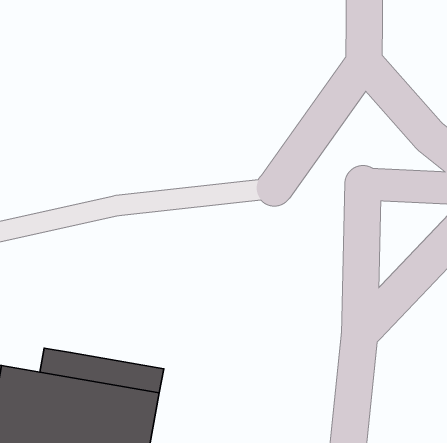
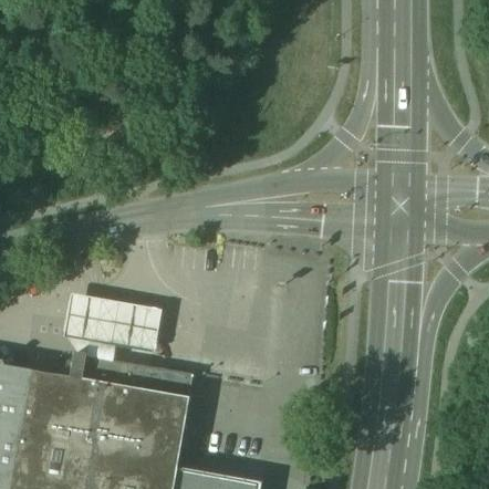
building: none -> [62,296,162,356]

